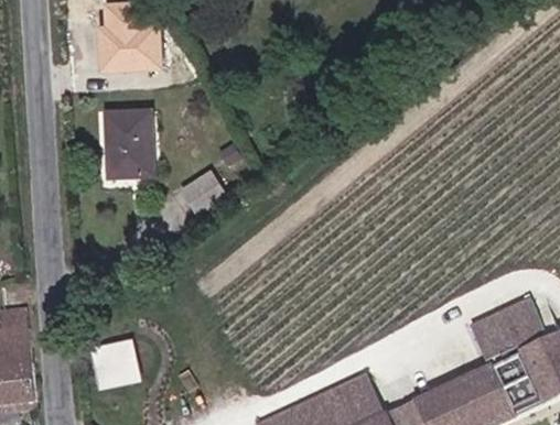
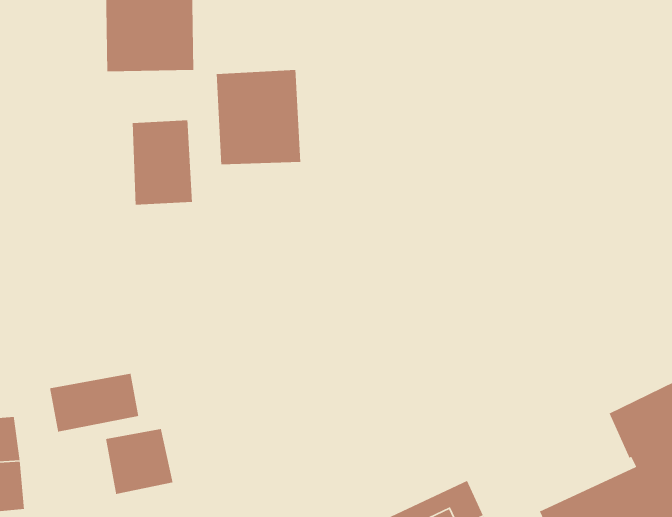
building: none -> [216,69,301,165]
building: [182,163,227,207] -> none
building: none -> [49,373,139,433]

